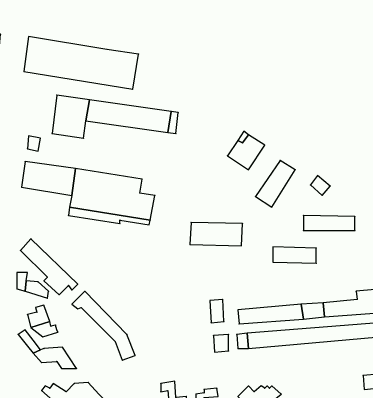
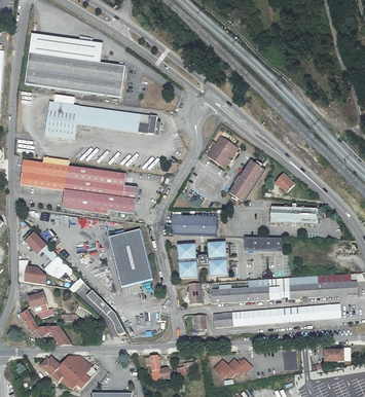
building: none -> [29,33,101,62]
building: none -> [107,227,150,285]
building: none -> [179,245,227,280]

